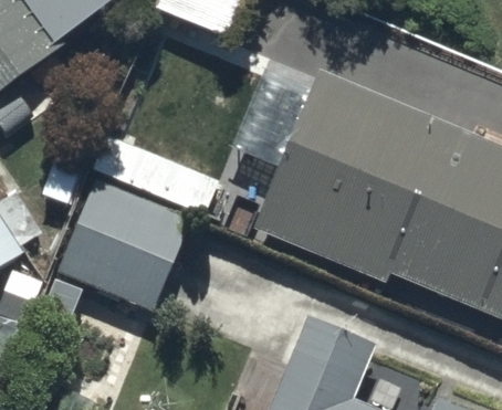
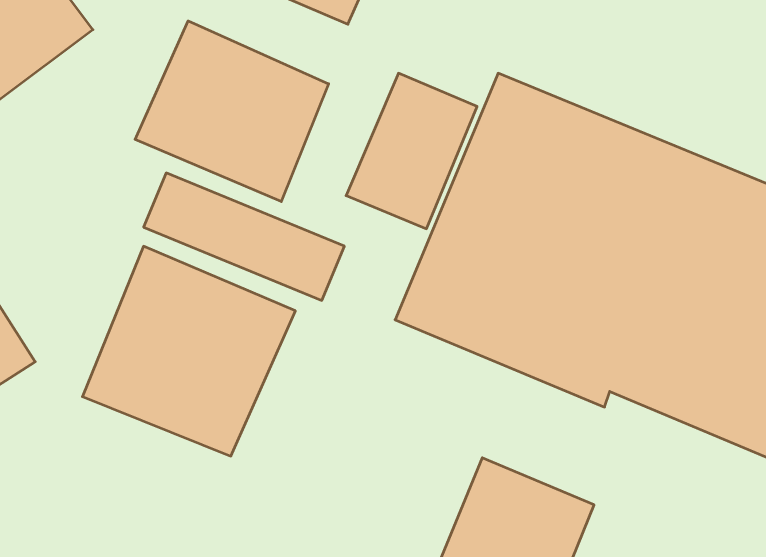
building: none -> [135,21,329,202]

